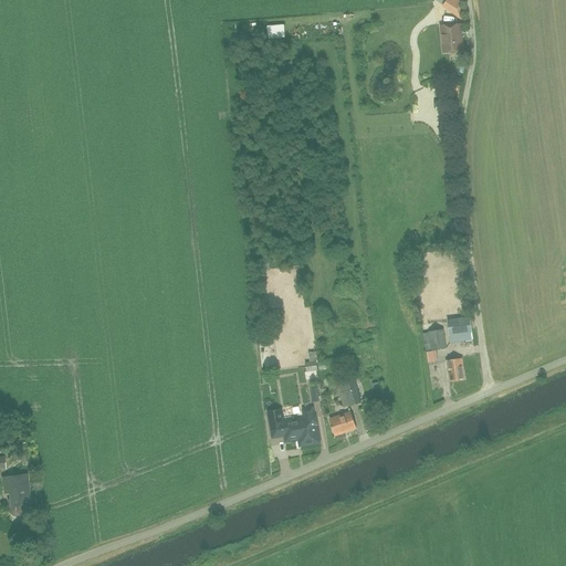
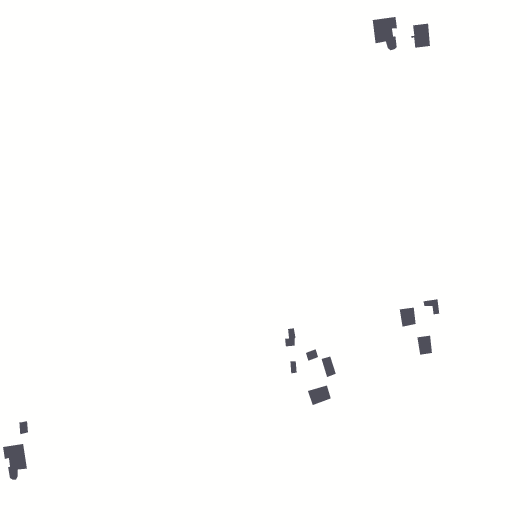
building: none -> [372,16,398,51]
building: [268,408,318,444] -> none

